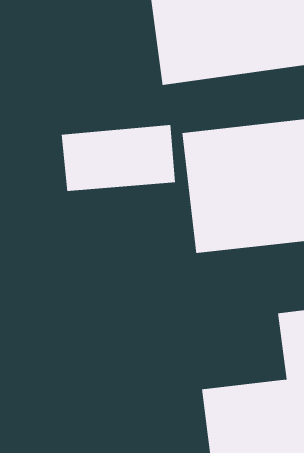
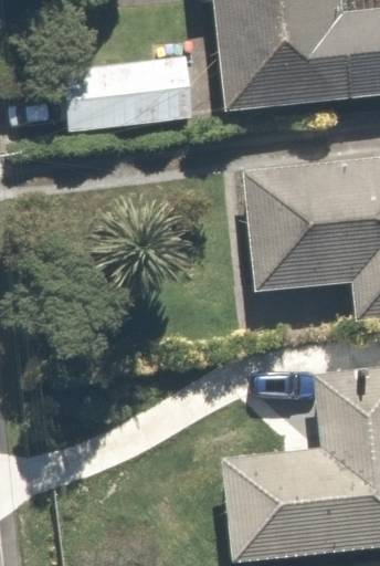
building: [61,125,176,191] -> [73,74,191,136]

